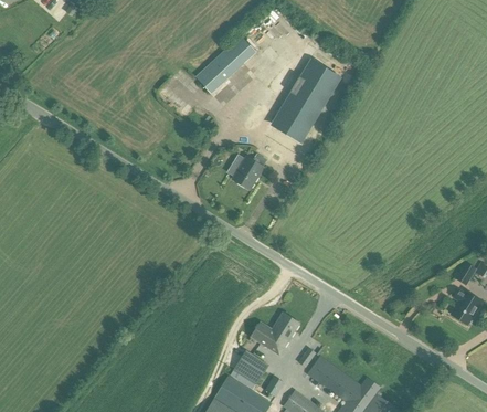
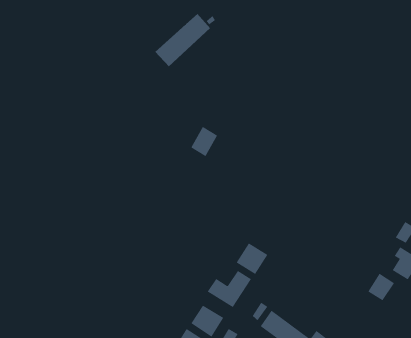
building: [277,71,346,154] -> none
building: none -> [236,243,268,275]
building: none -> [367,273,395,301]

